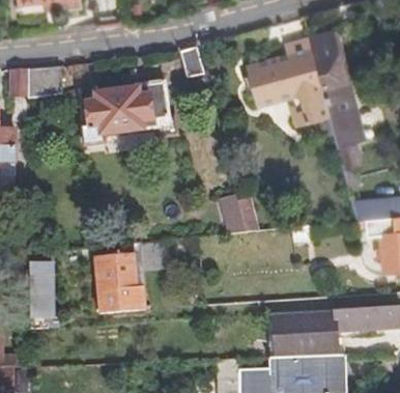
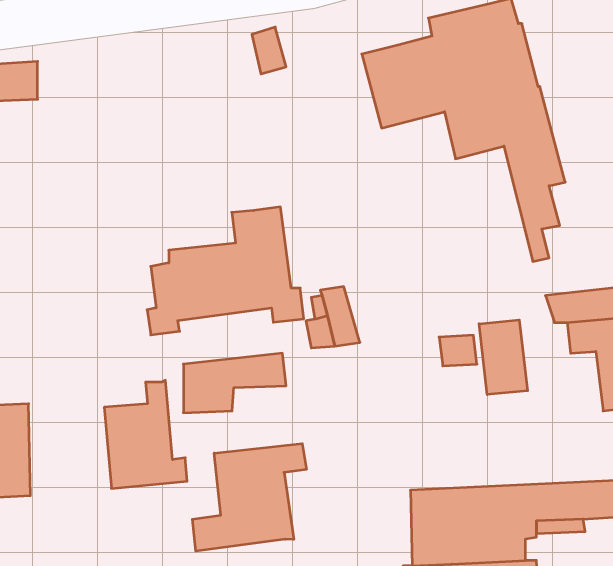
building: [87,71,177,144] -> [147,207,304,335]
building: none -> [479,320,528,395]
building: none -> [192,444,306,551]

